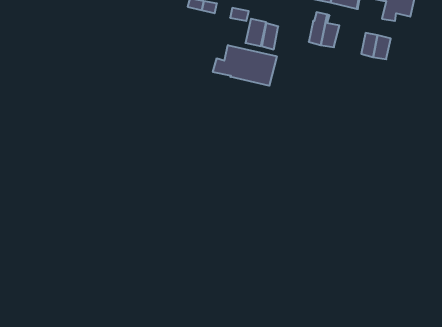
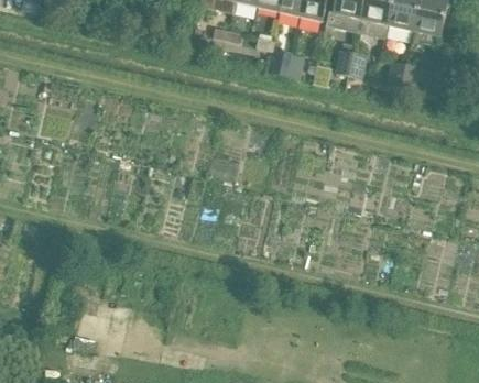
building: [213,45,277,86] -> none

